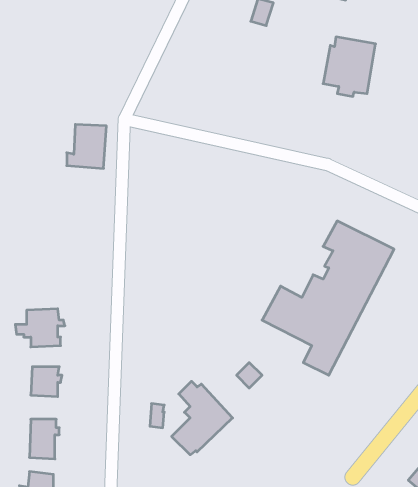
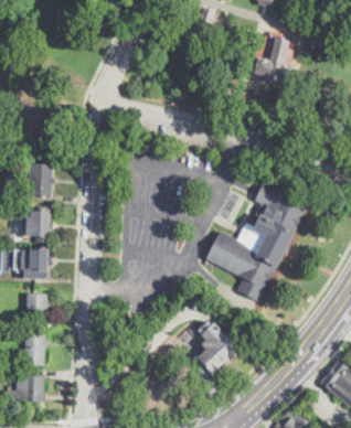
building: [67,124,106,168] -> [22,162,53,196]
building: none -> [26,208,52,242]
building: [172,381,233,455] -> [191,320,238,377]

